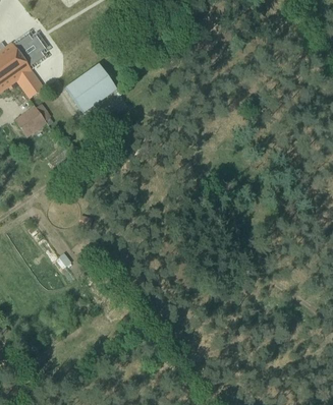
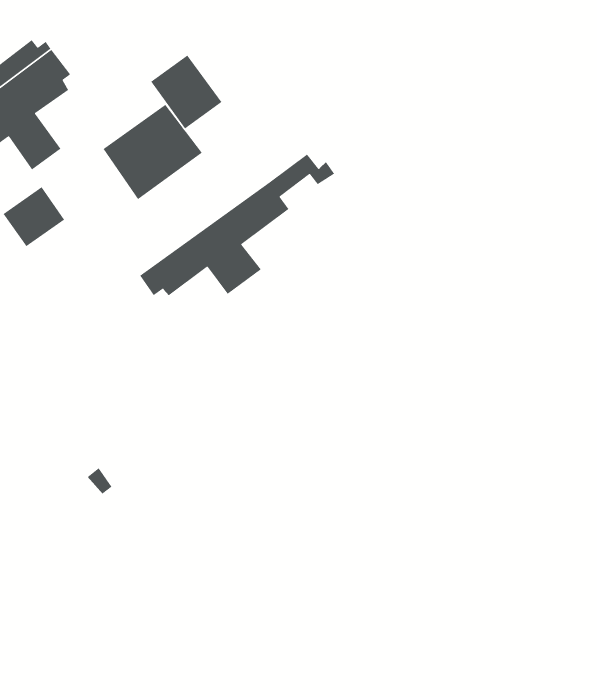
building: none -> [150,54,222,129]
building: none -> [139,153,335,296]

